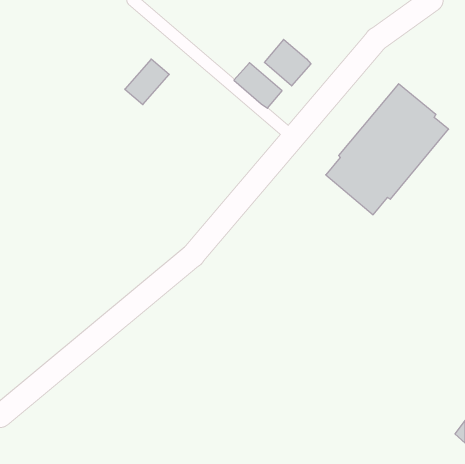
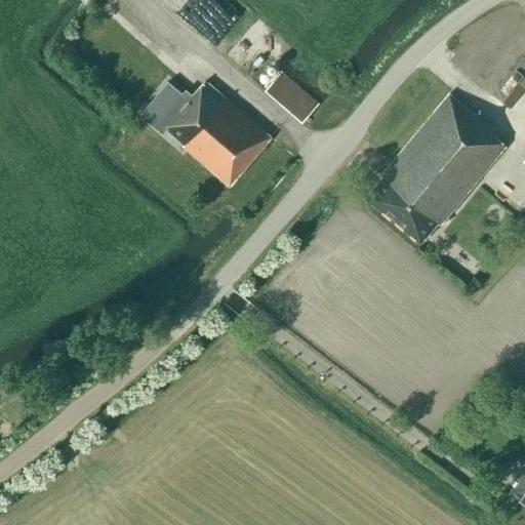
building: [264,39,311,86] -> none
building: none -> [165,82,271,187]

